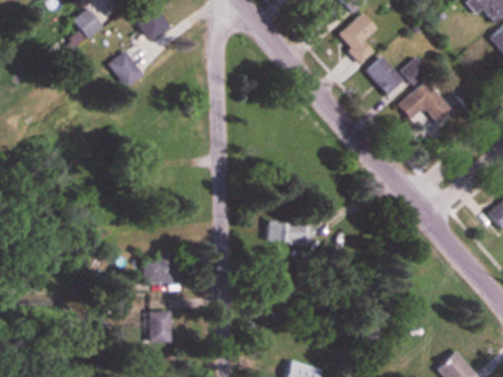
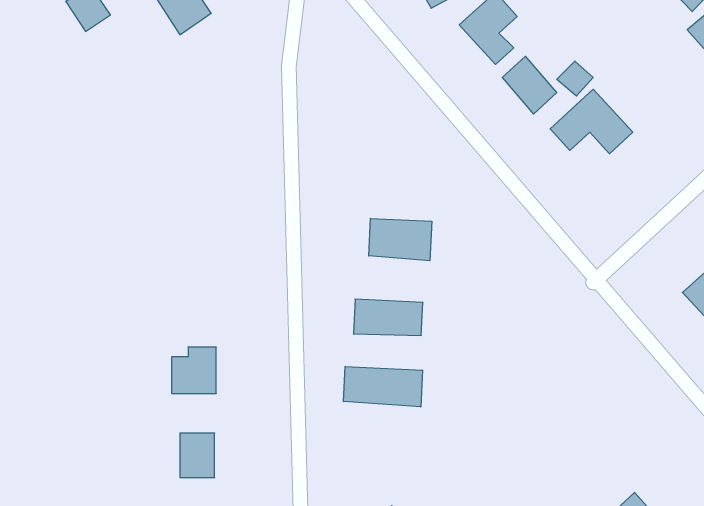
building: [108,51,142,87] -> none
building: none -> [369,218,432,261]
building: none -> [344,366,422,407]

